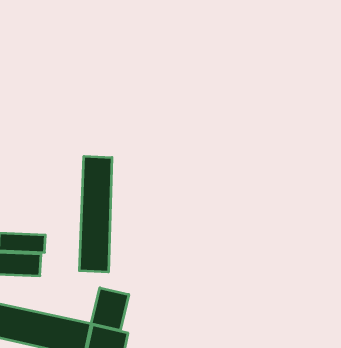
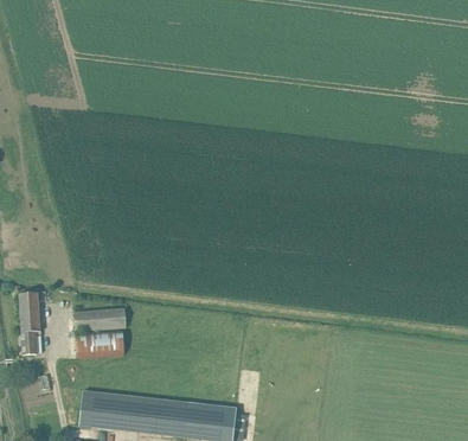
building: [79,156,112,272] -> none
building: [91,288,129,330] -> none

